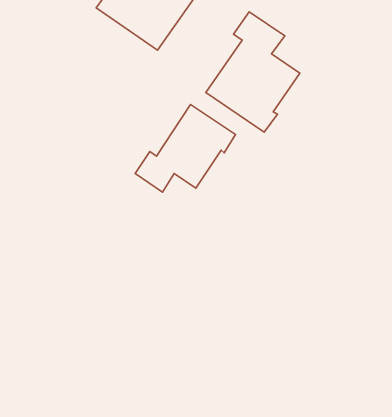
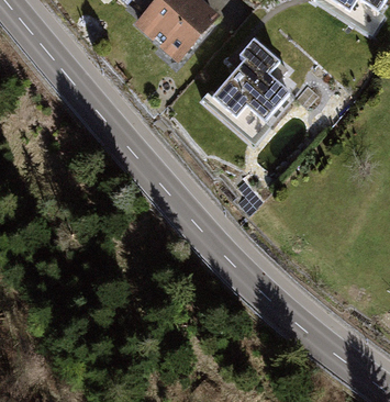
building: [135,105,236,192] -> none

